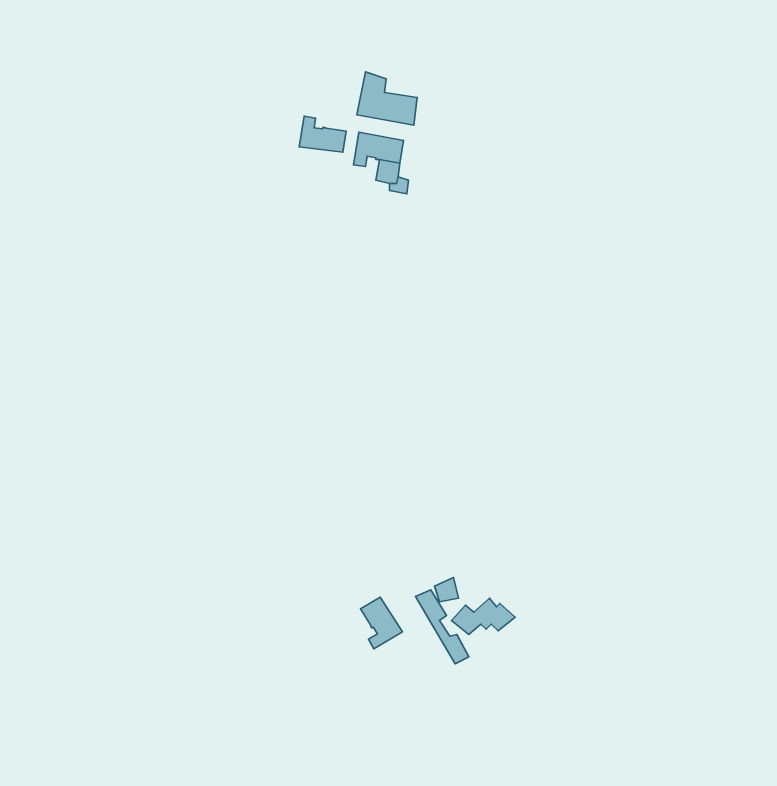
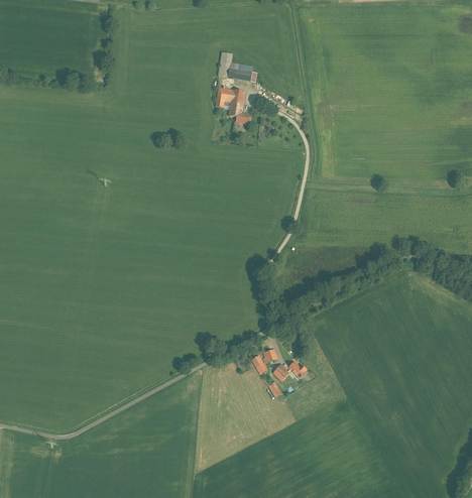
building: [299,116,346,152] -> none
building: [361,597,402,649] -> none

